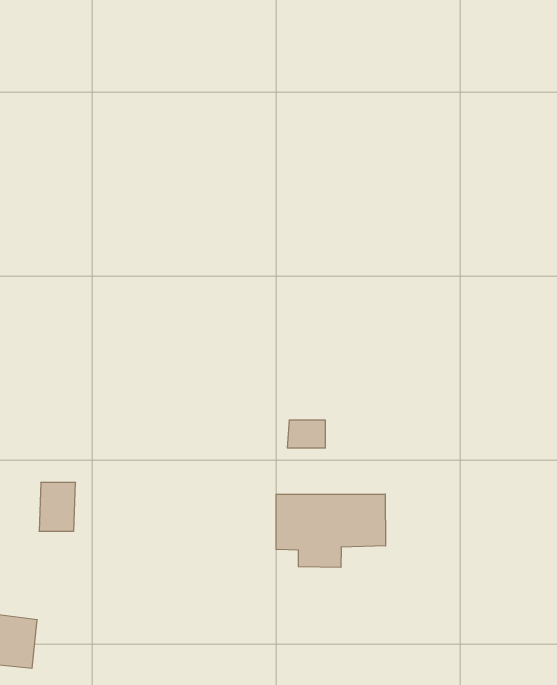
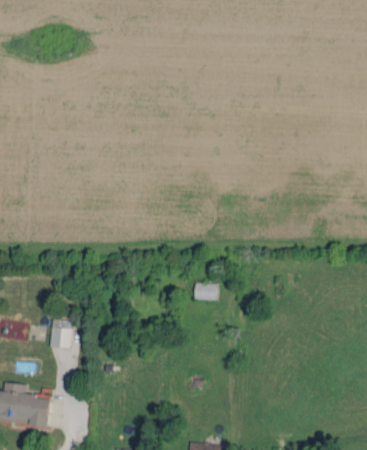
building: [276,494,385,567] -> none

